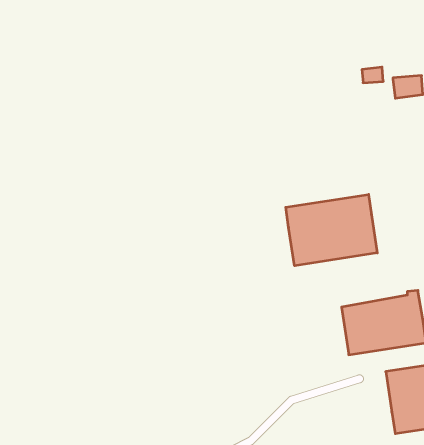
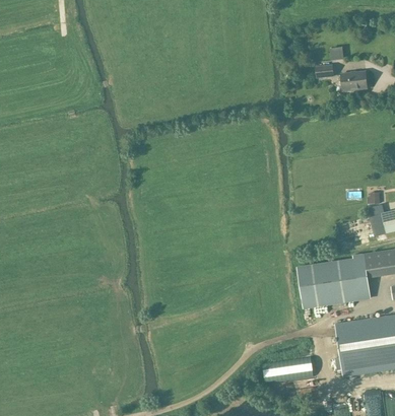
building: [286,194,377,266] -> none
building: none -> [264,357,316,377]

